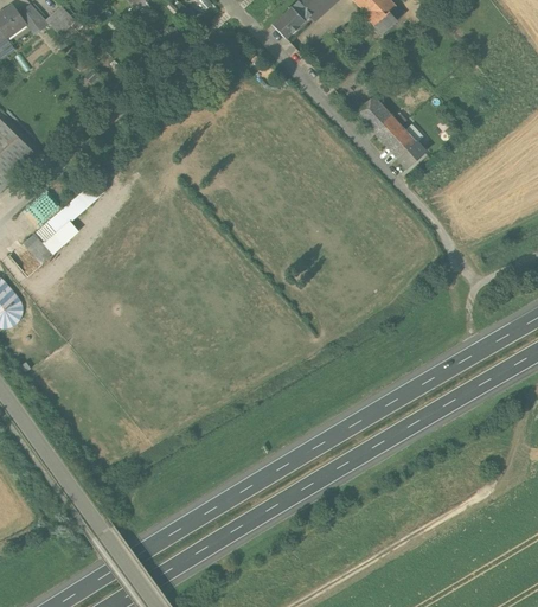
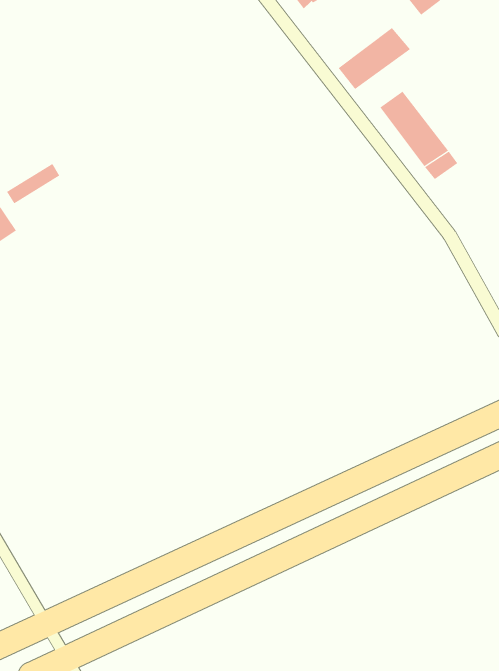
building: none -> [338,27,411,90]

